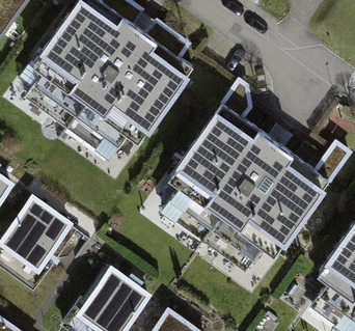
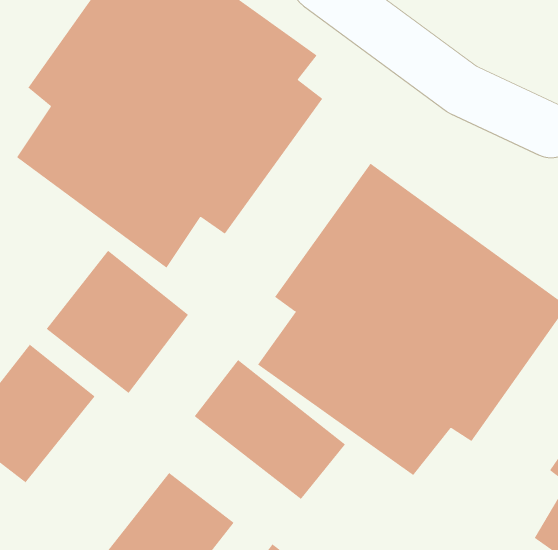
building: none -> [46,250,189,394]
building: none -> [194,359,346,500]

